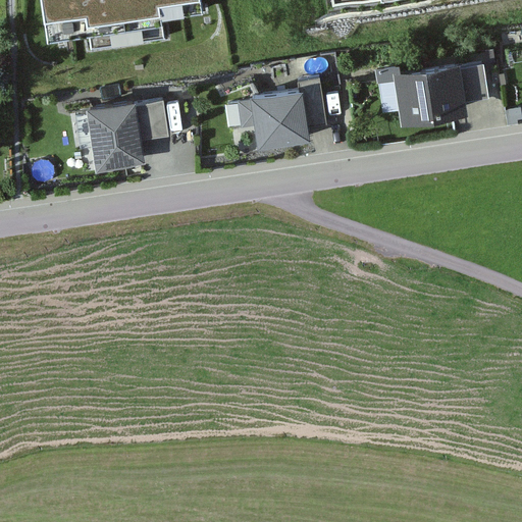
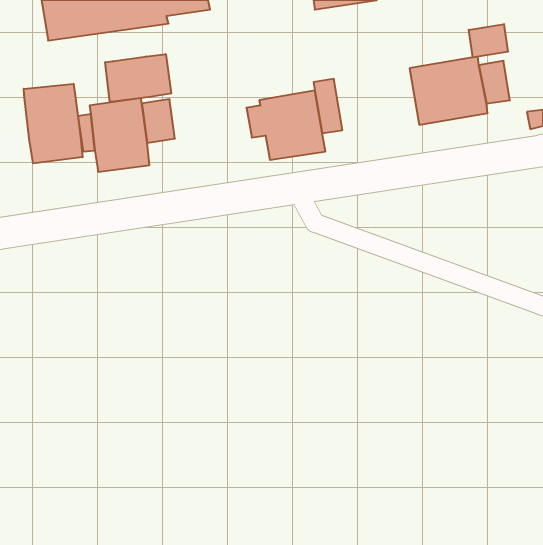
building: none -> [469,24,508,57]
building: none -> [105,54,171,102]
building: none -> [24,84,83,163]

